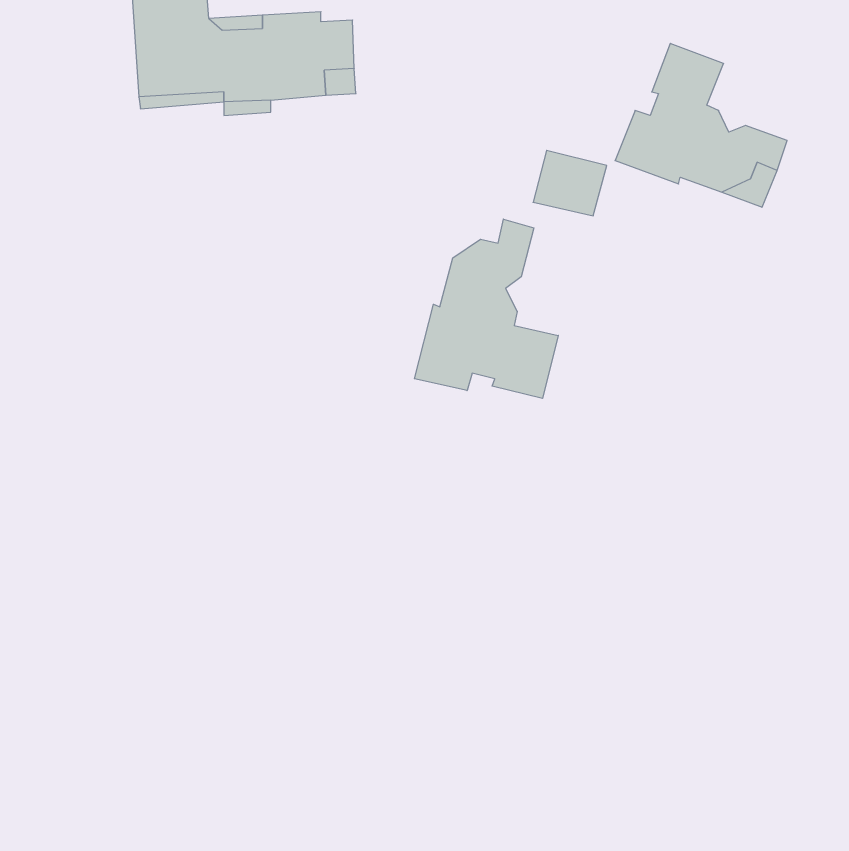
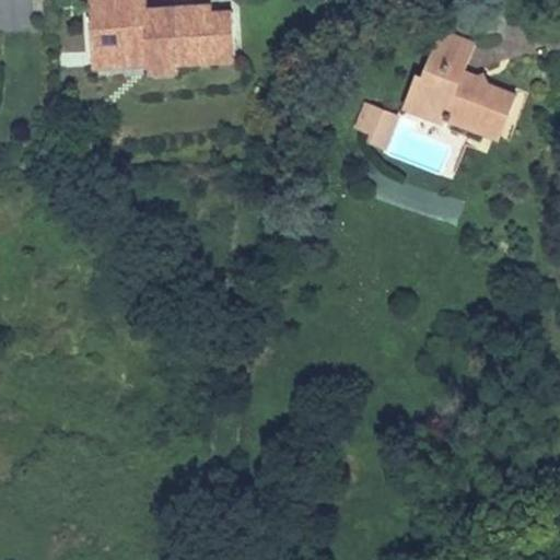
building: [414,219,558,398] -> none

